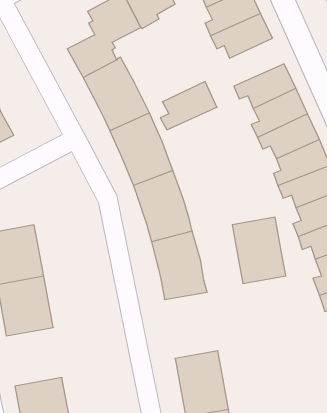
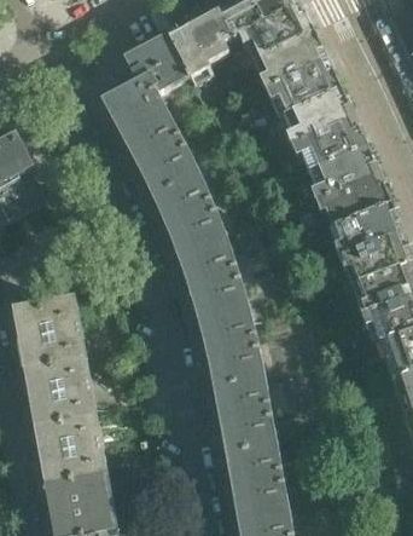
building: [160,82,217,130] -> [284,85,348,139]
building: [232,217,286,283] -> [213,373,273,448]
building: none -> [34,413,97,479]

